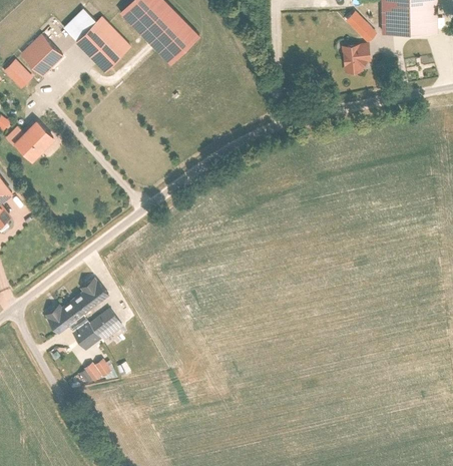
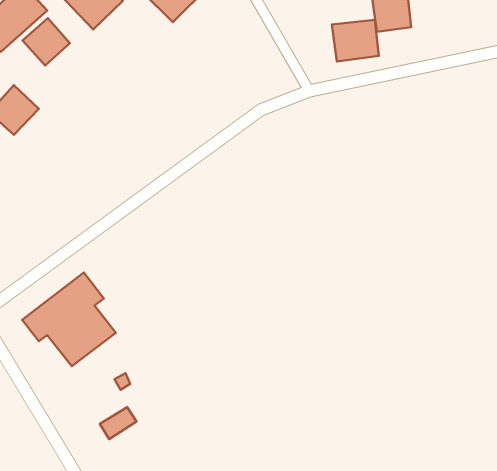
building: none -> [22,18,70,66]
building: none -> [332,20,379,61]
building: [82,358,113,385] -> [100,407,136,439]

